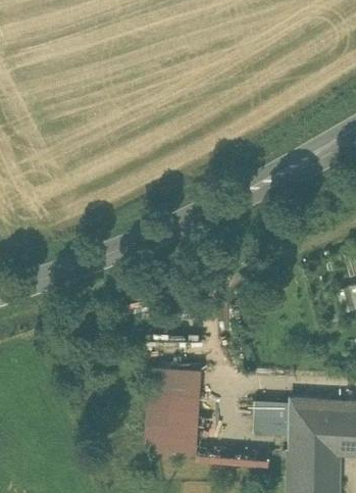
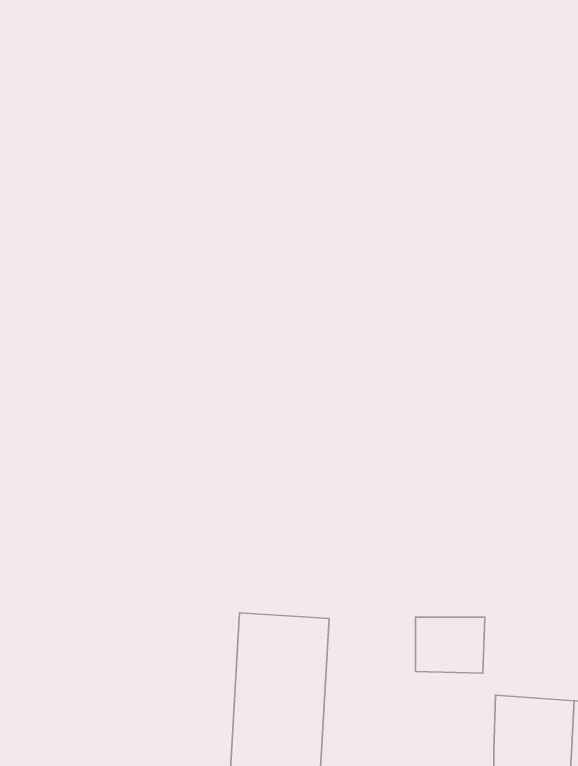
building: [255,405,293,436] -> [416,617,485,673]

